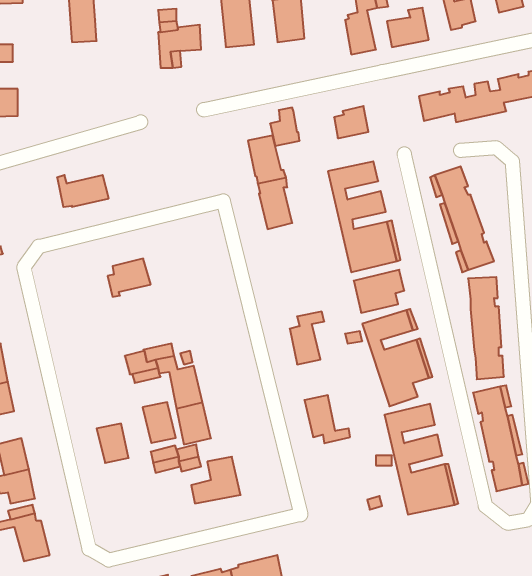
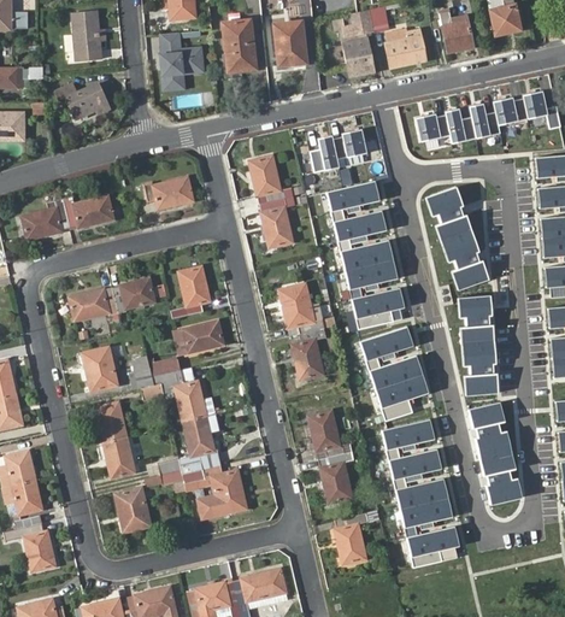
building: none -> [58,86,110,119]
building: [270,108,300,146] -> [311,135,340,172]
building: none -> [142,177,193,210]
building: none -> [20,198,69,239]
building: none -> [170,266,207,319]
building: none -> [277,284,322,334]
building: none -> [66,287,117,321]
building: none -> [179,322,222,353]
building: none -> [81,348,116,390]
building: [143,402,176,443] -> [93,404,125,443]
building: none -> [317,452,351,503]
building: none -> [113,490,147,533]
building: none -> [330,513,366,564]
building: none -> [408,527,458,568]

